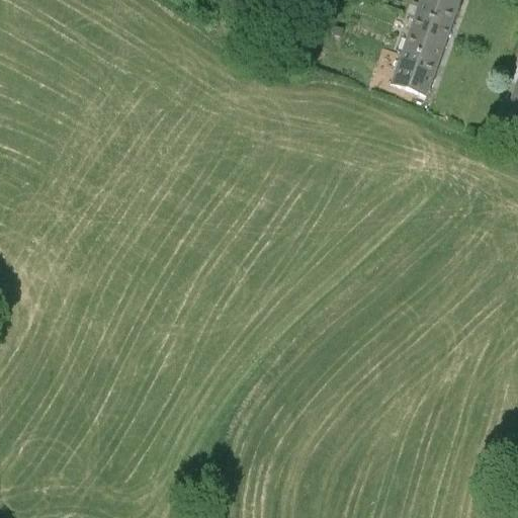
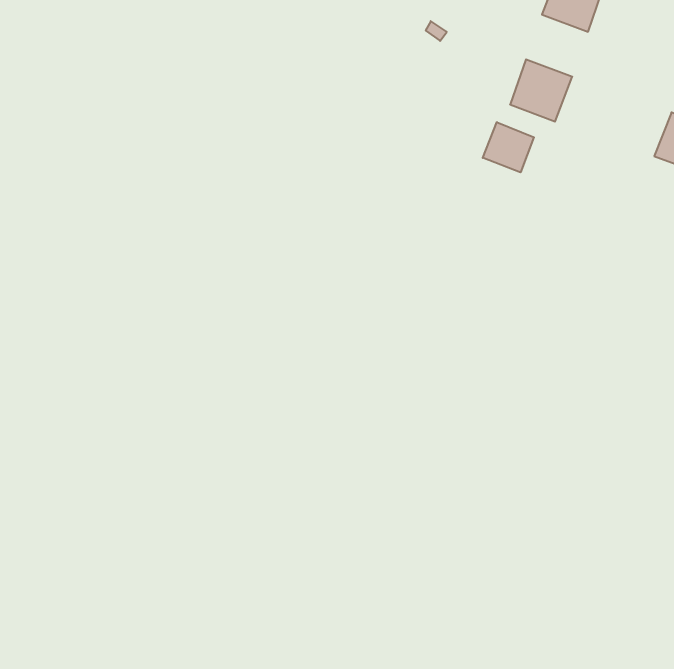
building: [404,11,451,59] -> none
building: none -> [483,122,534,172]

